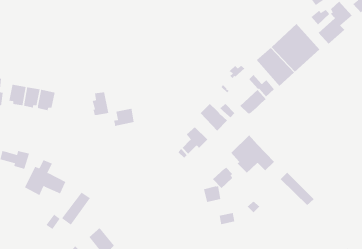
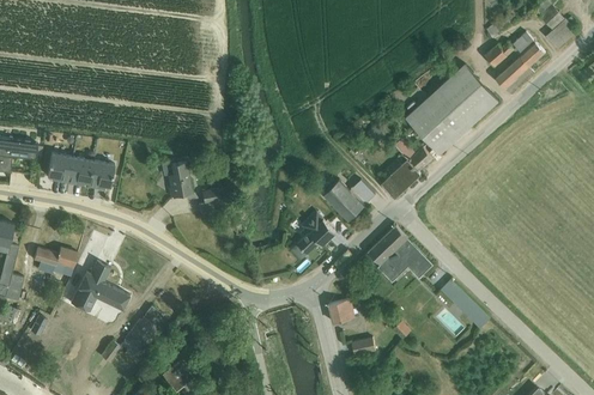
building: [212,167,233,189] -> none

